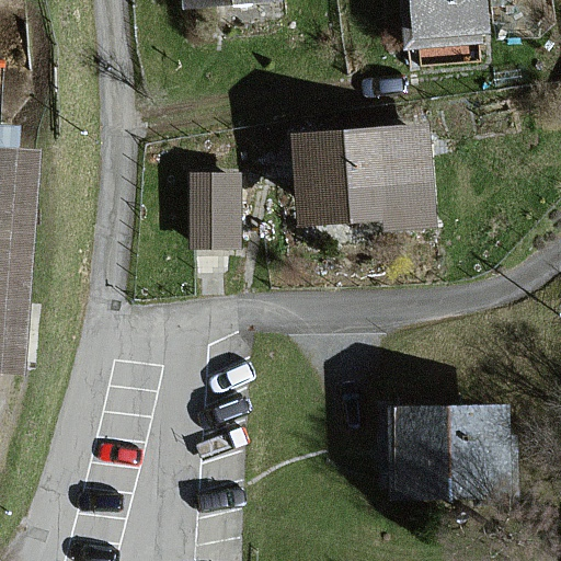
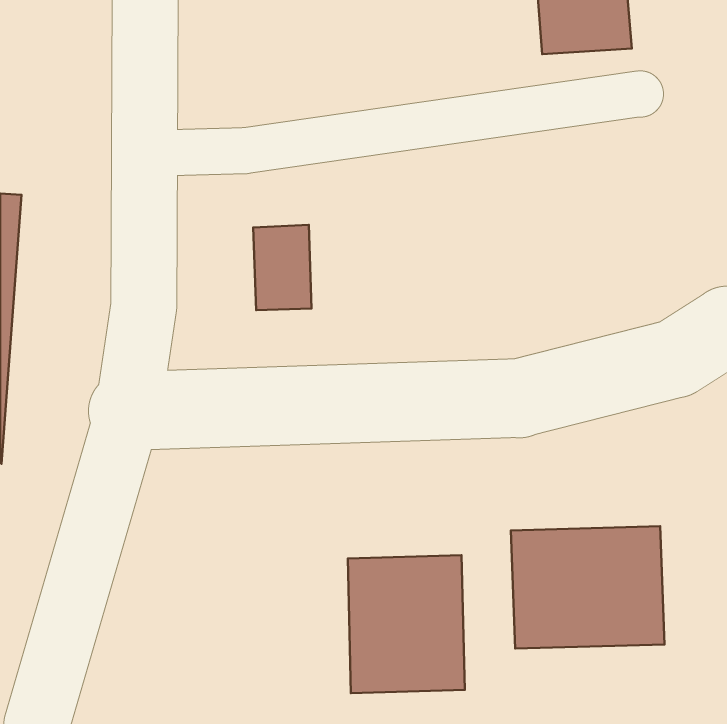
building: [304,129,427,224] -> none
building: none -> [348,555,465,693]

